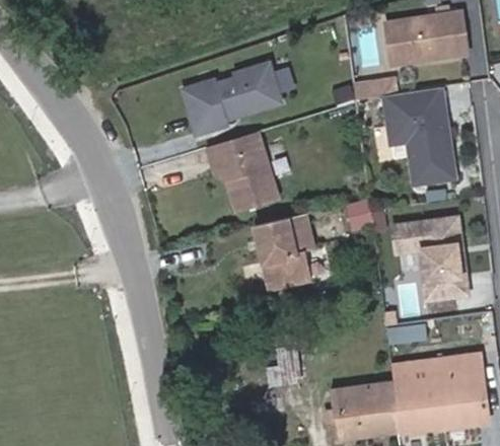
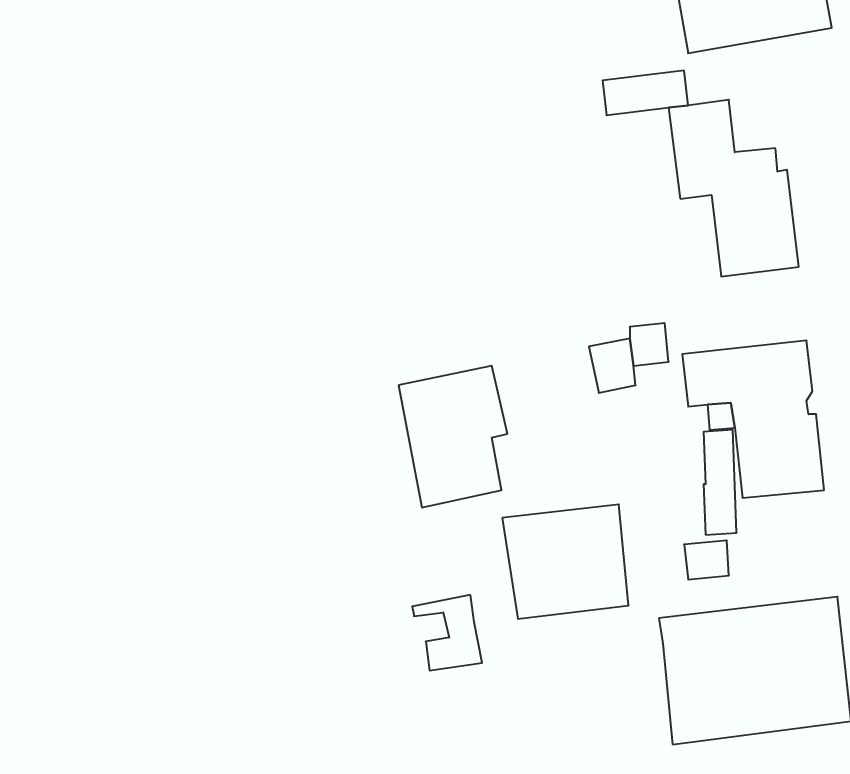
building: [186,76,285,145] -> none
building: [420,86,450,127] -> none
building: [207,145,277,224] -> none
building: [325,373,390,433] -> [502,504,629,619]

